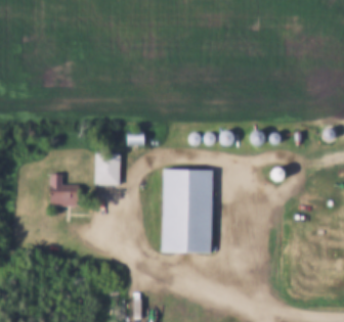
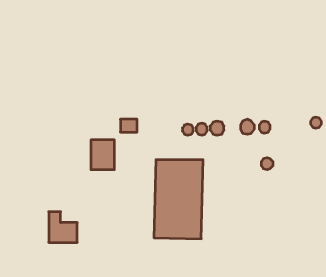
building: [49,172,79,203] -> [49,212,77,242]

